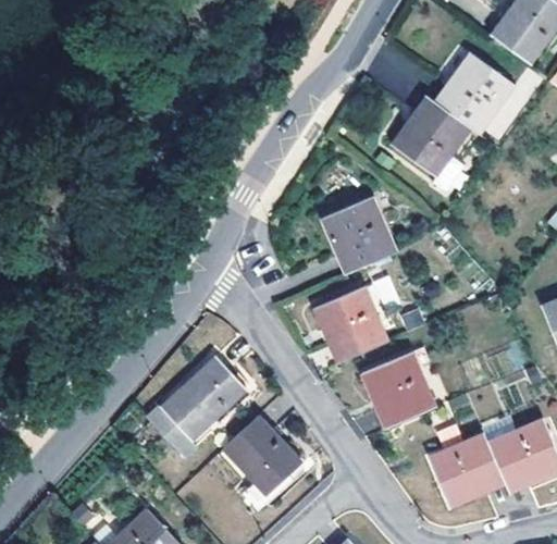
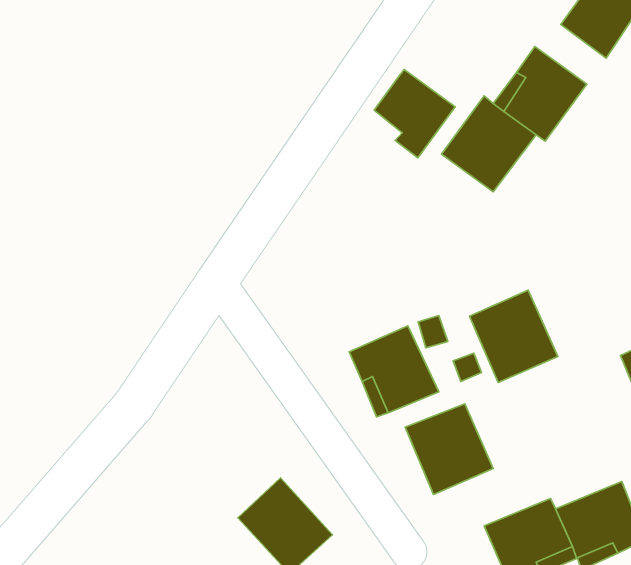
building: none -> [374,69,455,158]
building: [322,197,396,274] -> [470,290,558,382]
building: [157,355,243,438] -> none

